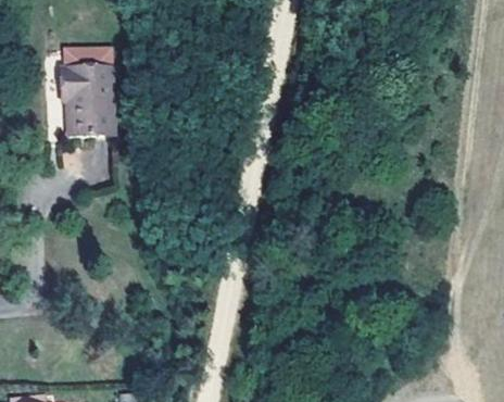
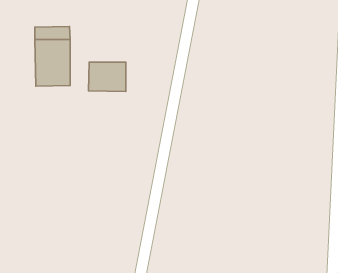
building: none -> [89,62,126,92]

